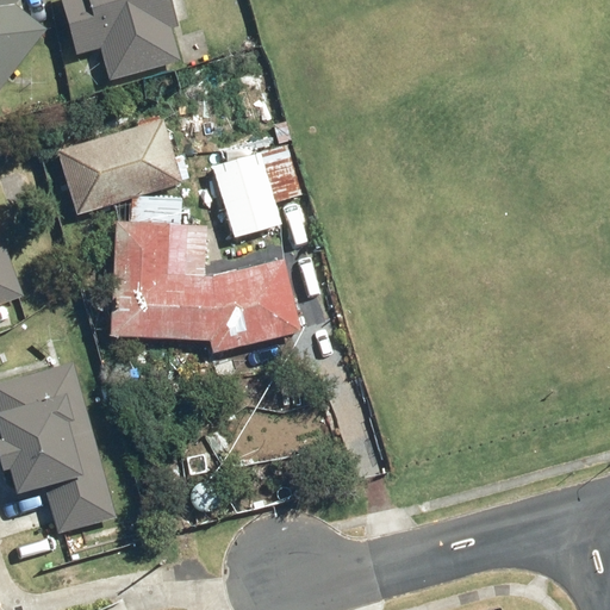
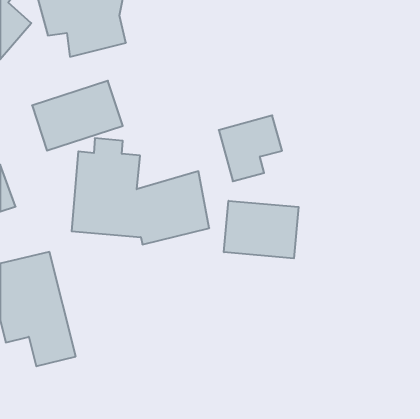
building: [210,142,301,237] -> [219,115,282,181]
building: none -> [224,201,299,258]

